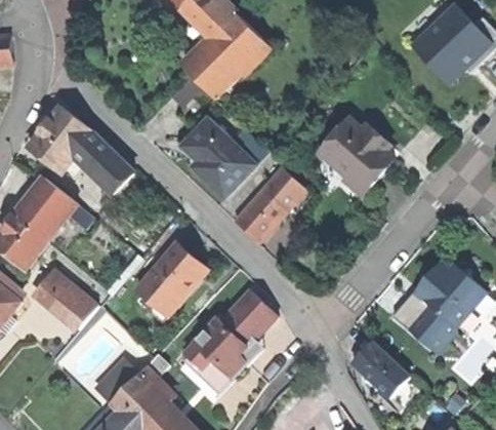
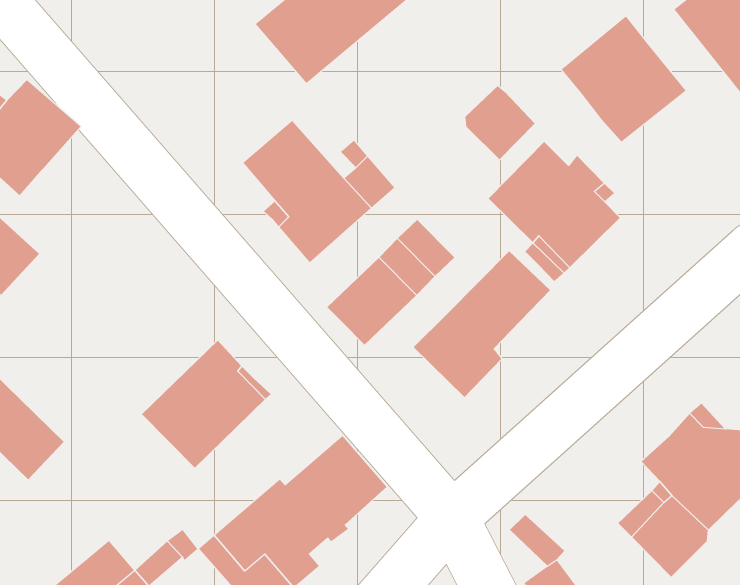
building: none -> [561,16,687,143]
building: none -> [465,85,535,160]
building: [72,131,132,195] -> none
building: none -> [413,251,551,398]

